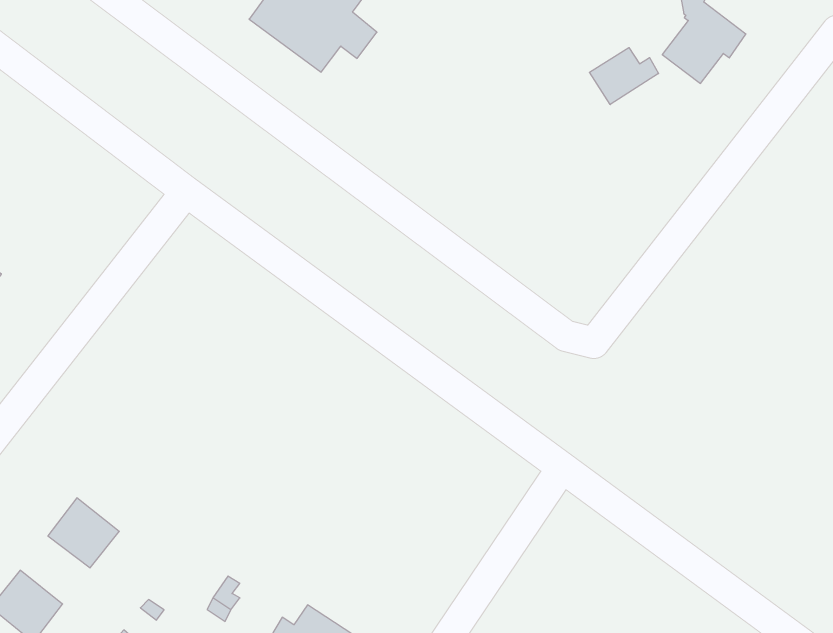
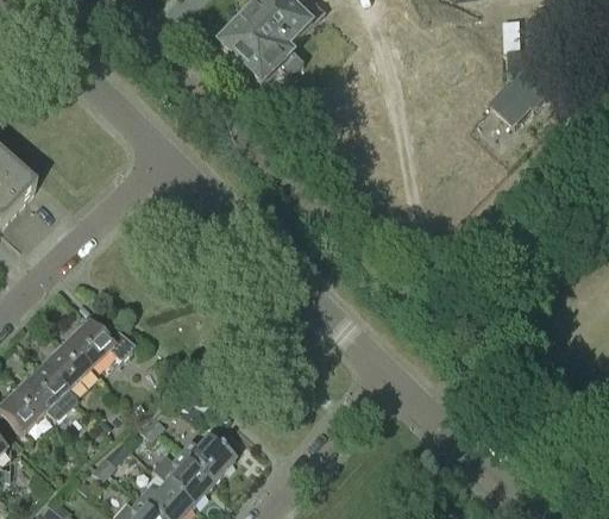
building: [589,48,659,105] -> none
building: none -> [63,319,133,369]
building: none -> [19,365,76,423]

